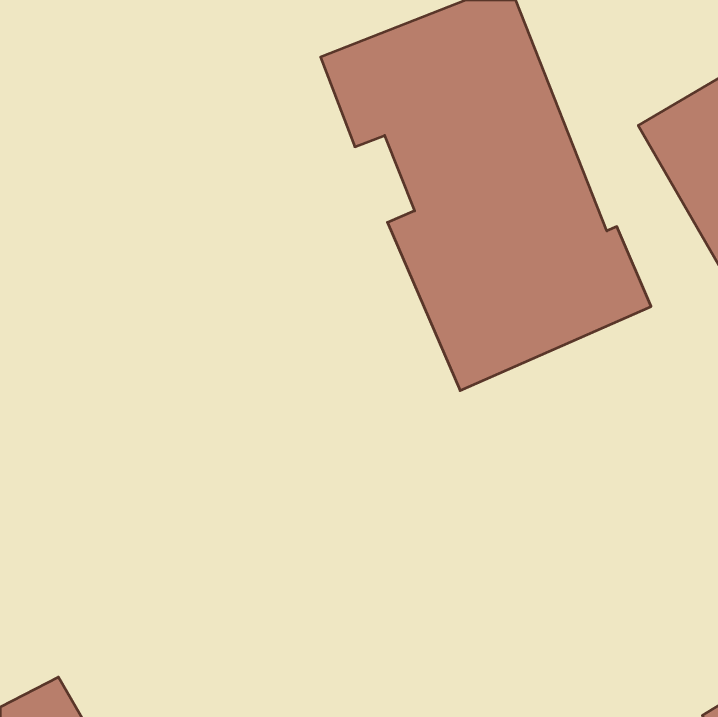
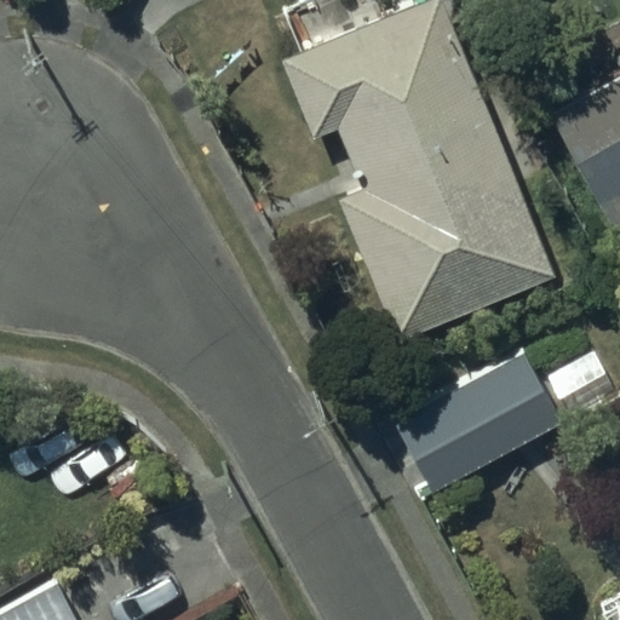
building: none -> [394,352,567,498]

